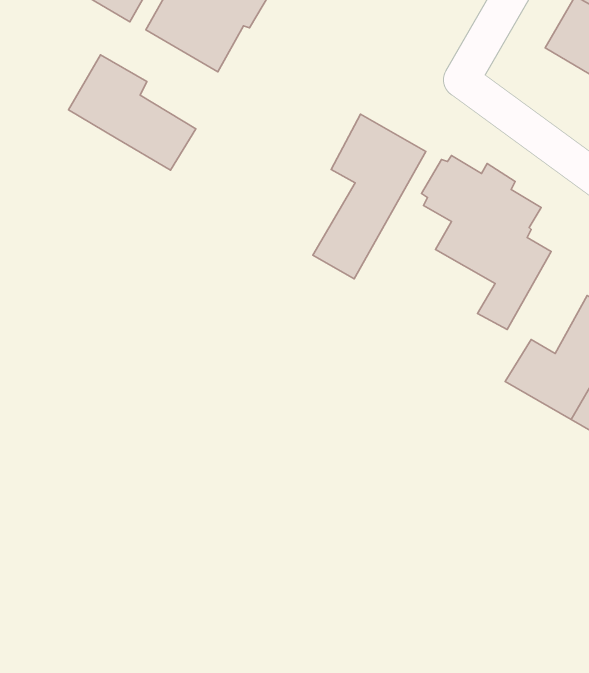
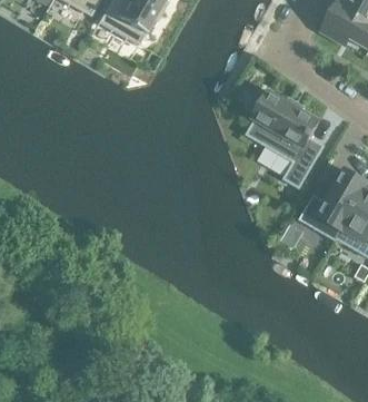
building: [68,55,196,170] -> none
building: [313,114,426,279] -> none

